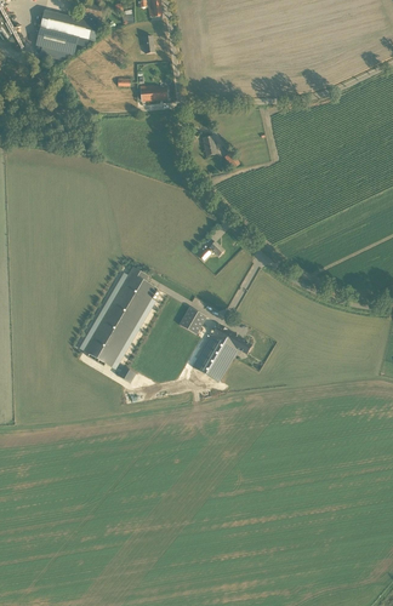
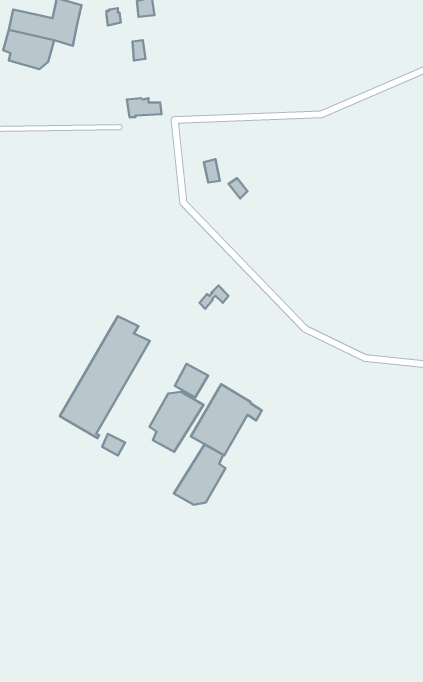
building: none -> [150,392,204,452]
building: none -> [174,445,225,505]

